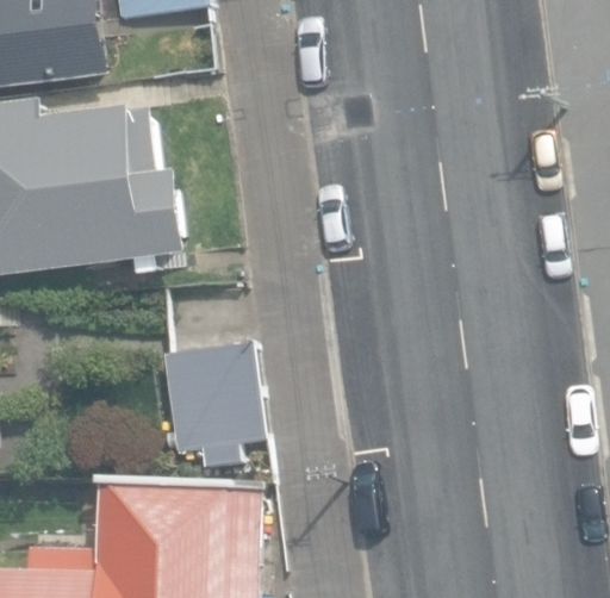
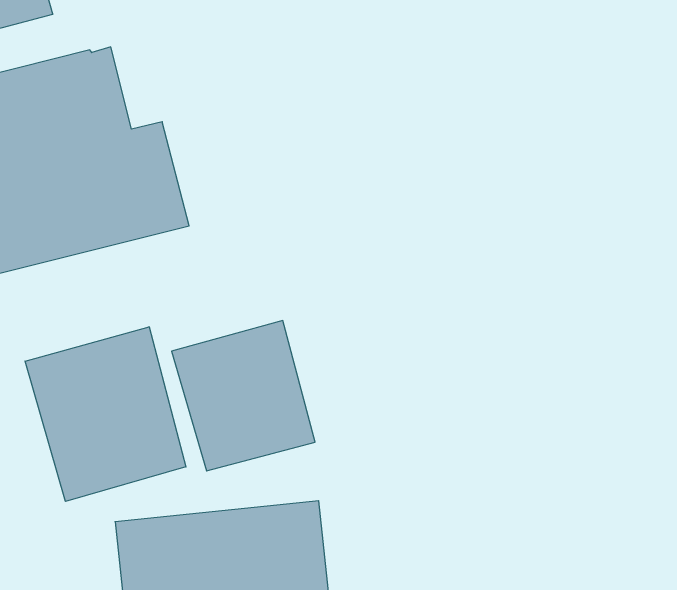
building: none -> [25,327,186,501]

